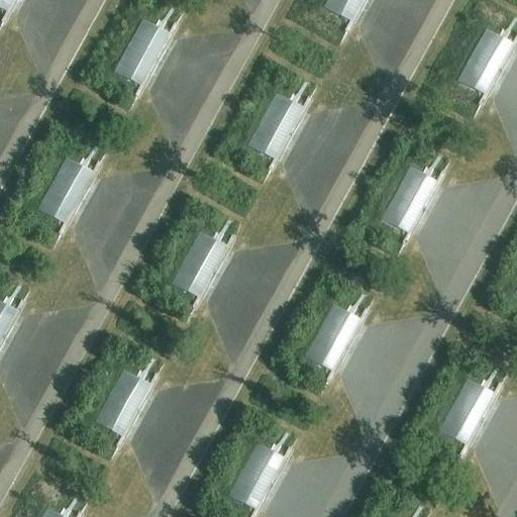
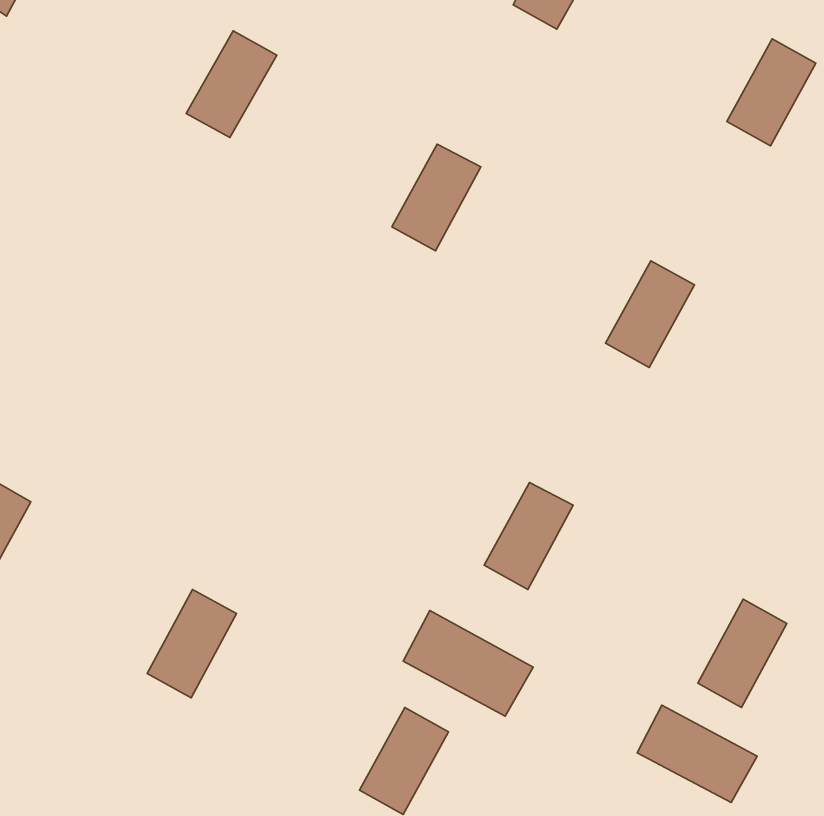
building: [40,158,97,224] -> none
building: [169,227,224,295] -> none
building: none -> [403,610,533,716]
building: none -> [637,705,757,803]

